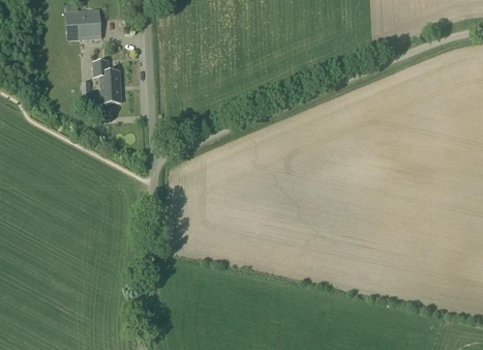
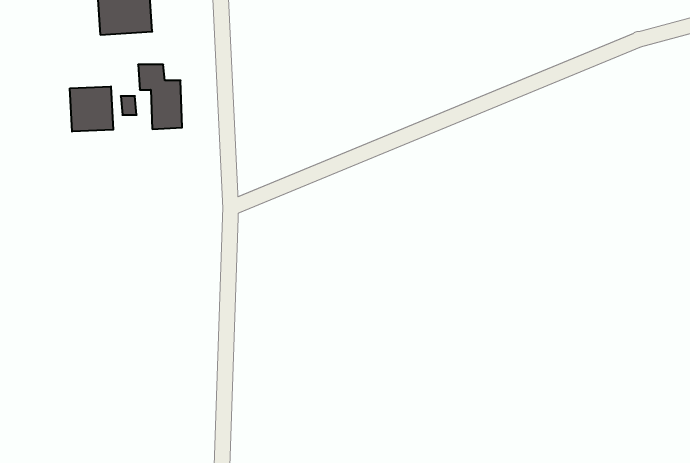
building: none -> [70,86,113,132]

